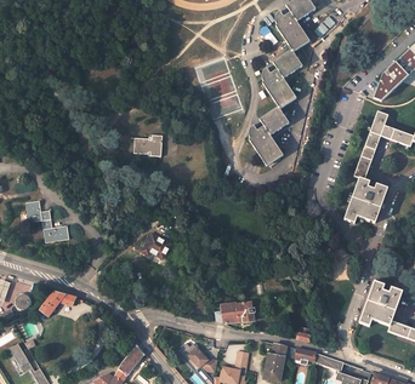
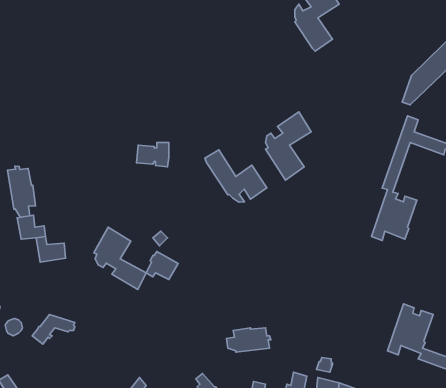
building: [262,51,302,111] -> none
building: none -> [205,150,267,202]
building: none -> [7,166,36,217]
building: none -> [94,227,146,290]

